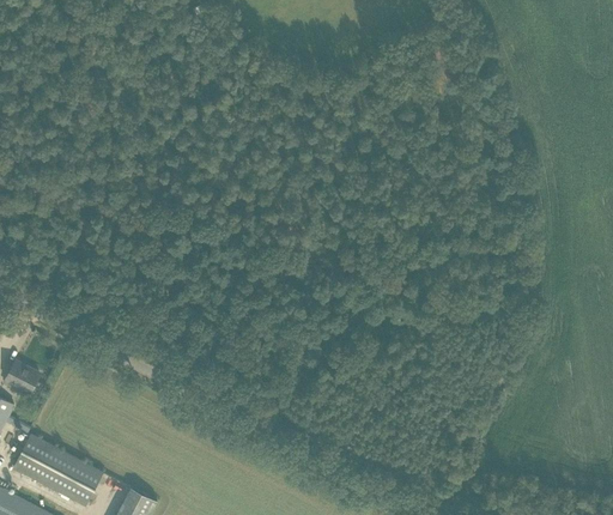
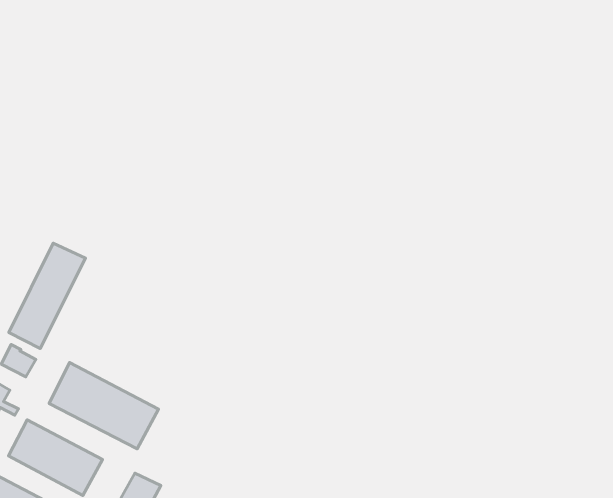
building: none -> [9,243,85,349]
building: none -> [49,362,158,449]

